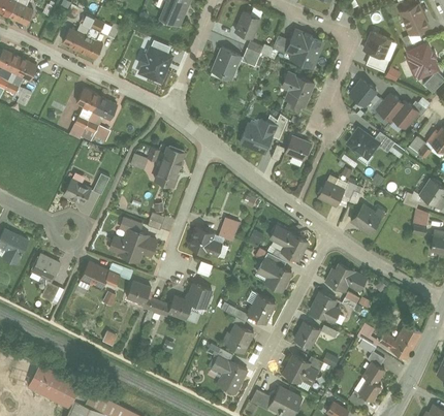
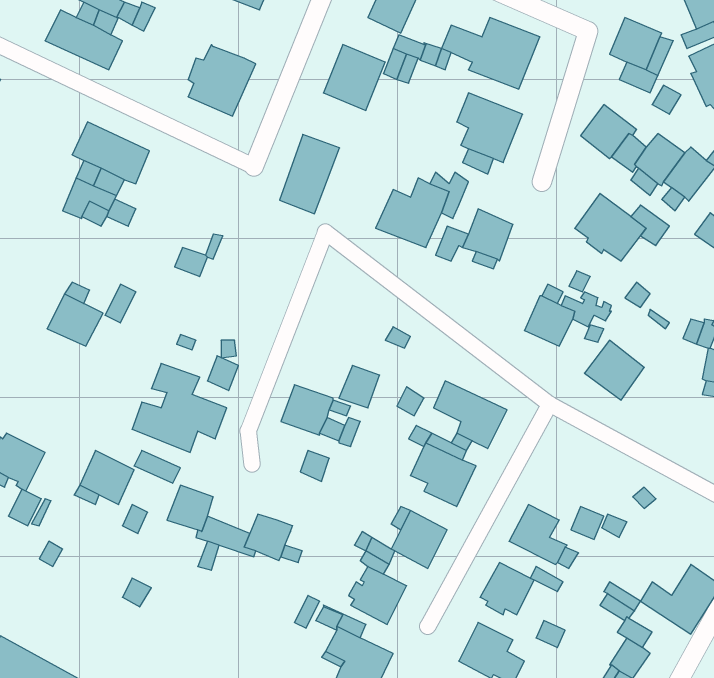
building: [154,145,186,187] -> [280,134,340,214]
building: [324,262,369,294] -> none
building: [185,283,211,310] -> none

